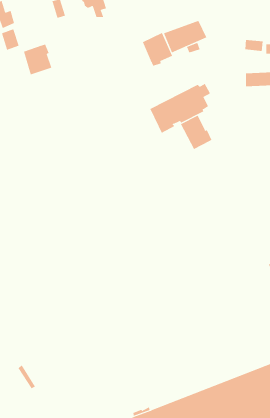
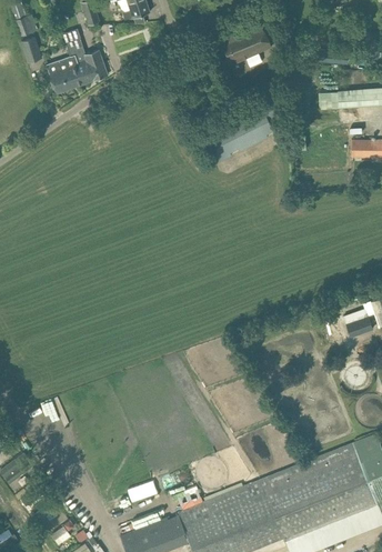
building: none -> [66,39,108,84]
building: [142,32,173,67] -> none
building: [180,115,212,150] -> none

